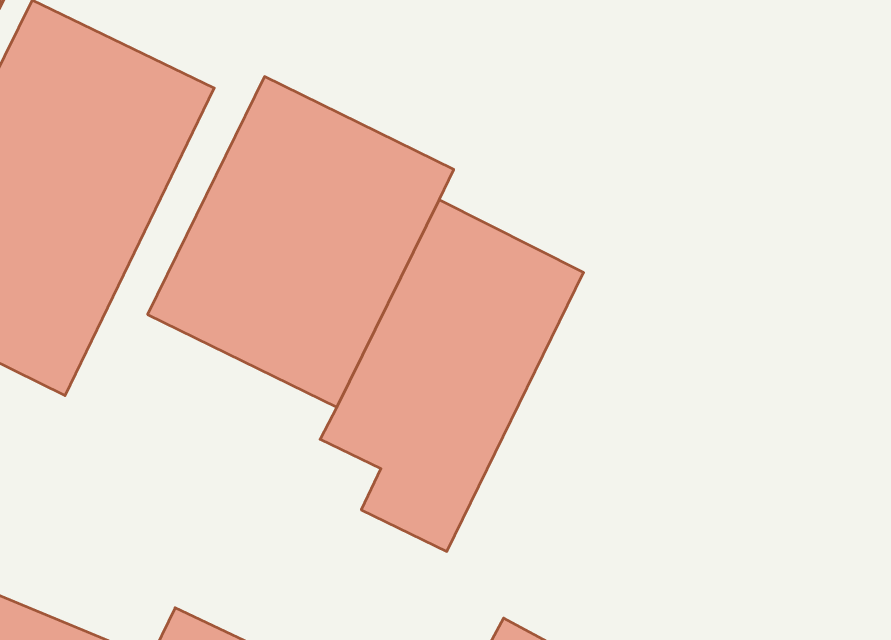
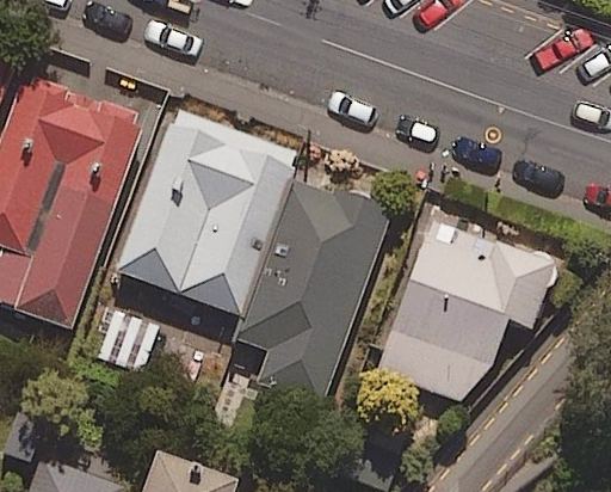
building: none -> [377,232,554,402]

